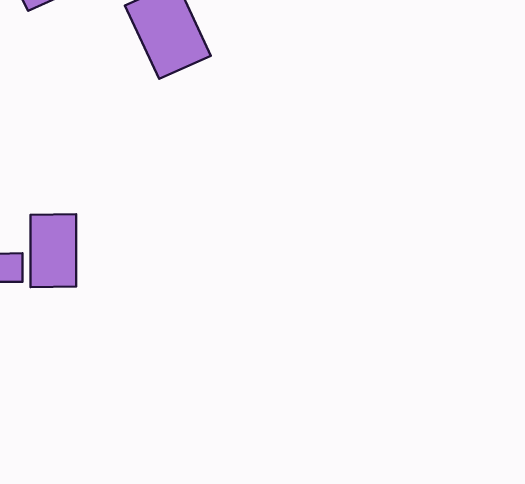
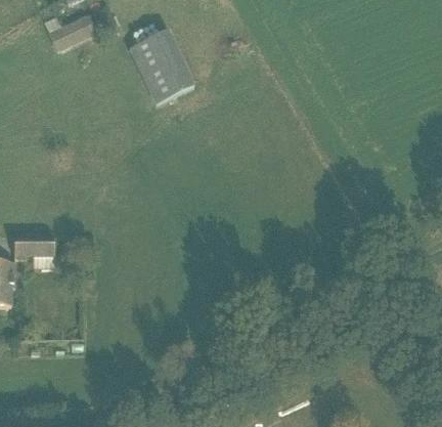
building: [31,214,76,287] -> none

